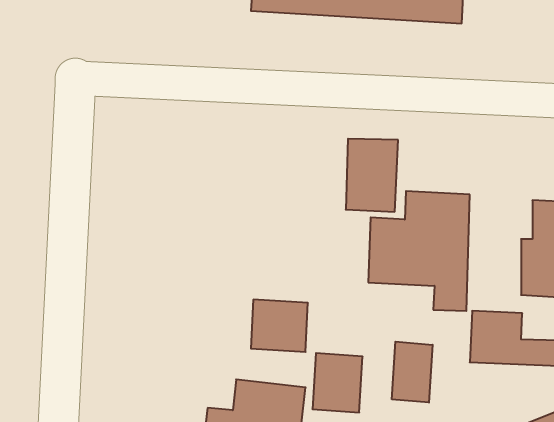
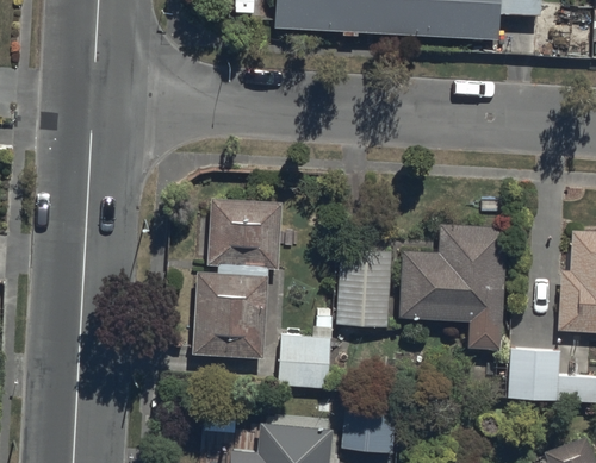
building: [346,139,398,212] -> [336,248,391,324]
building: none -> [194,201,284,364]
building: [392,342,433,403] -> none

